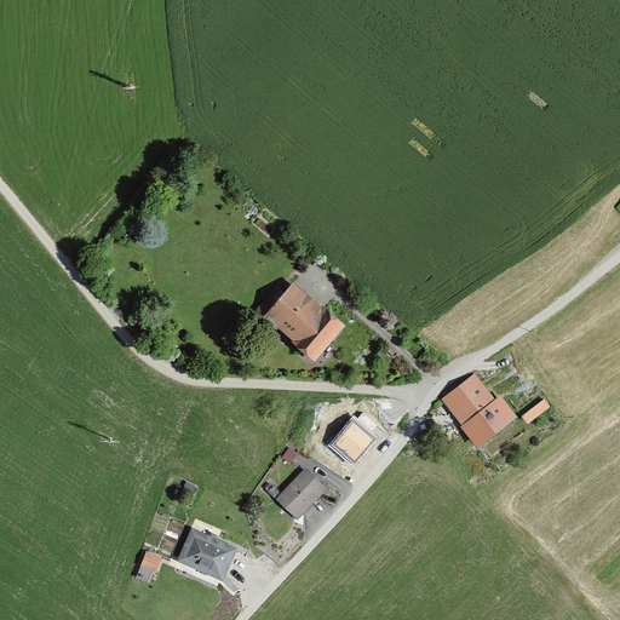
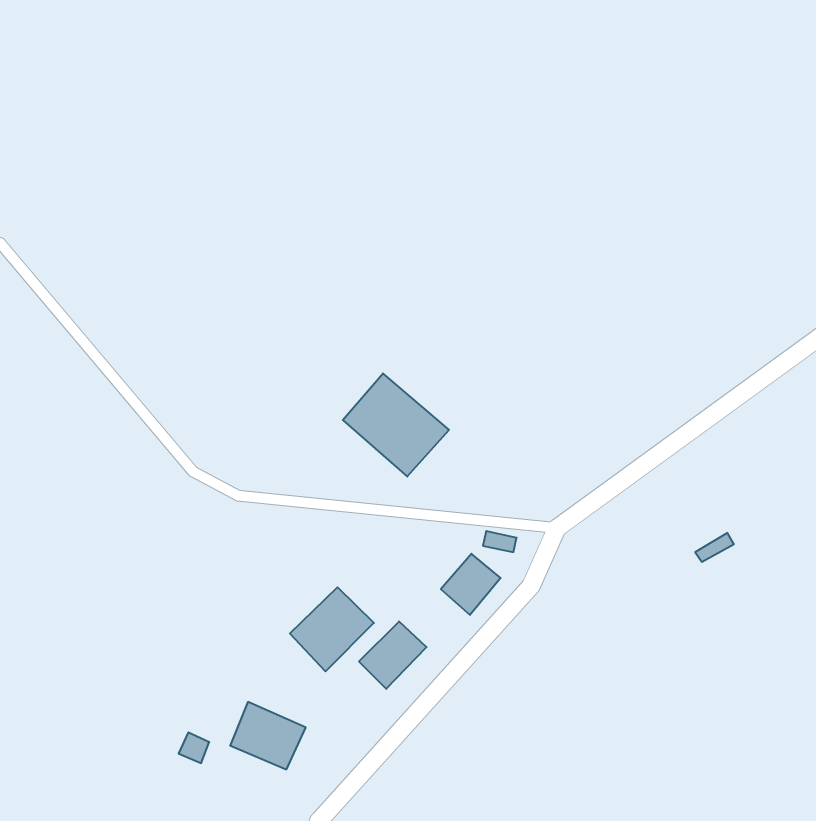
building: [442,373,515,446] -> none
building: none -> [290,587,374,671]

